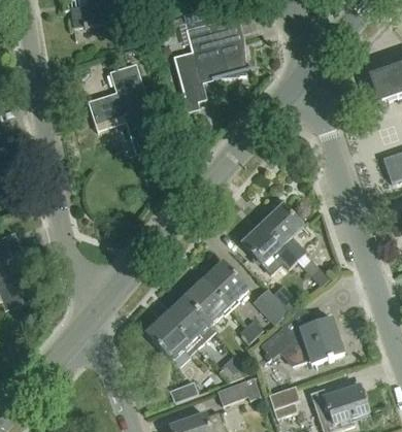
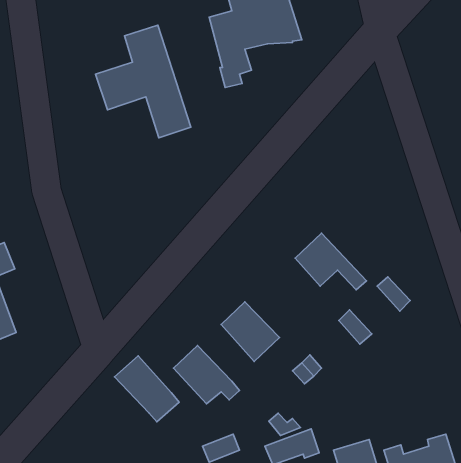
building: [262,204,305,262] -> none
building: [202,262,246,306] -> none
building: [255,291,290,325] -> none
building: [165,296,215,347] -> [114,356,179,422]
building: [261,319,344,365] -> none

